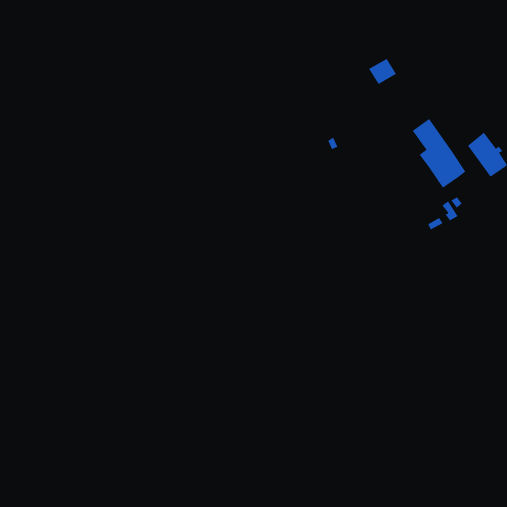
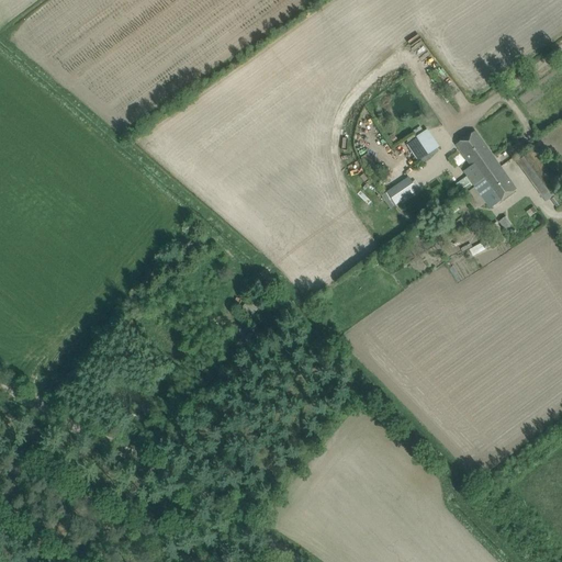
building: [368,58,397,85] -> [407,130,439,159]
building: none -> [386,176,418,204]

